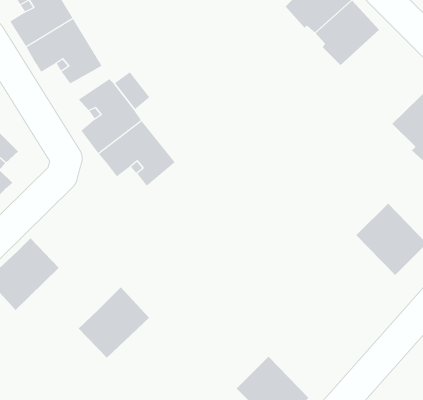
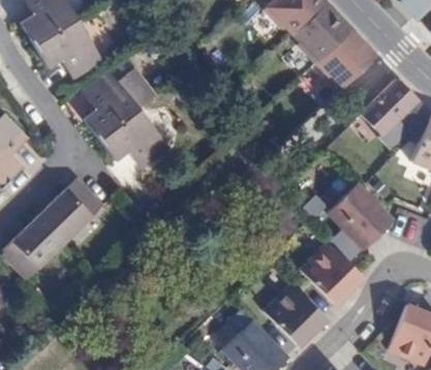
building: none -> [315,30,376,88]
building: none -> [300,242,363,305]
building: [78,287,150,359] -> [39,178,103,242]
building: none -> [264,283,327,347]

